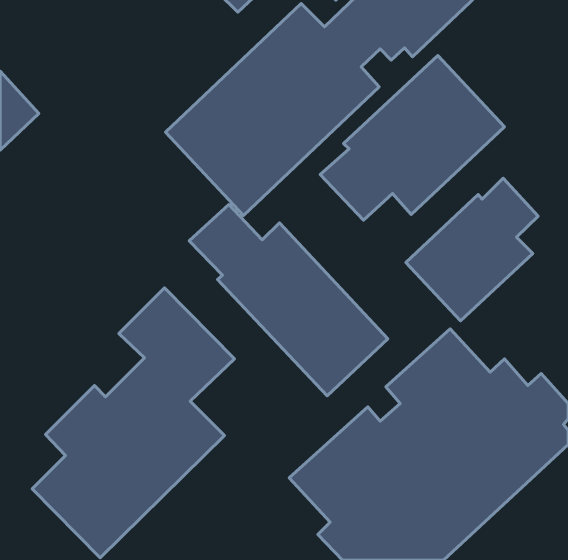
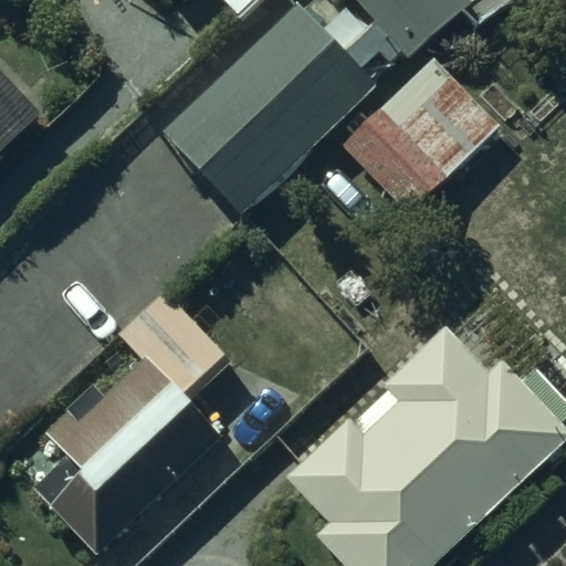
building: [406,178,538,321] -> none
building: [189,205,388,396] -> none

